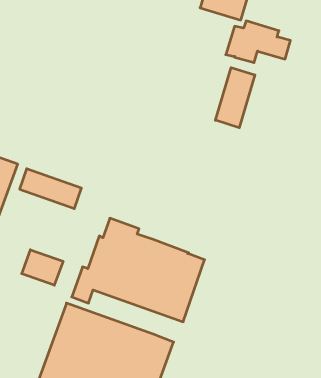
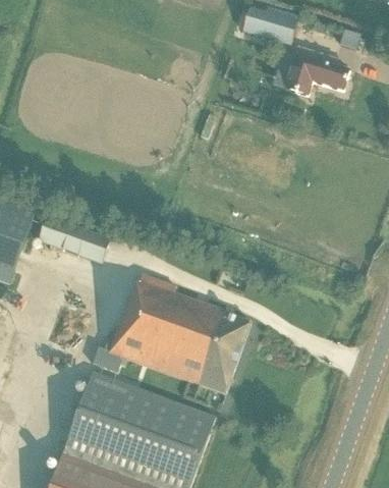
building: [215,68,255,128] -> none
building: [22,250,63,285] -> none

